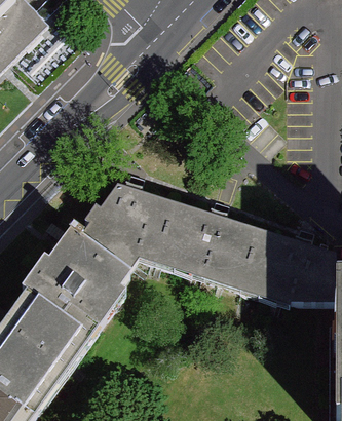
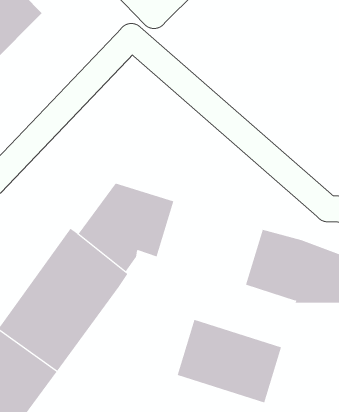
building: [157,206,258,286] -> [177,319,282,403]

